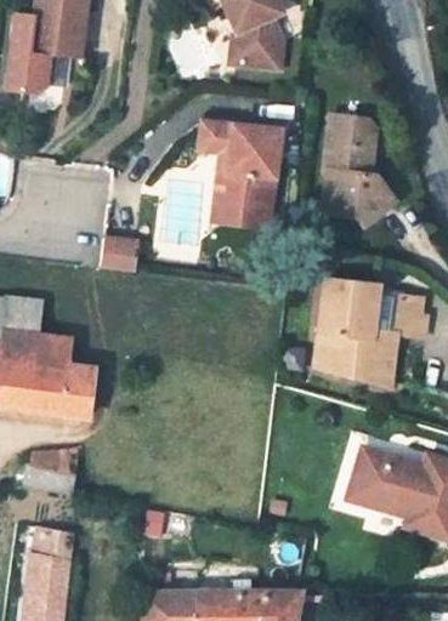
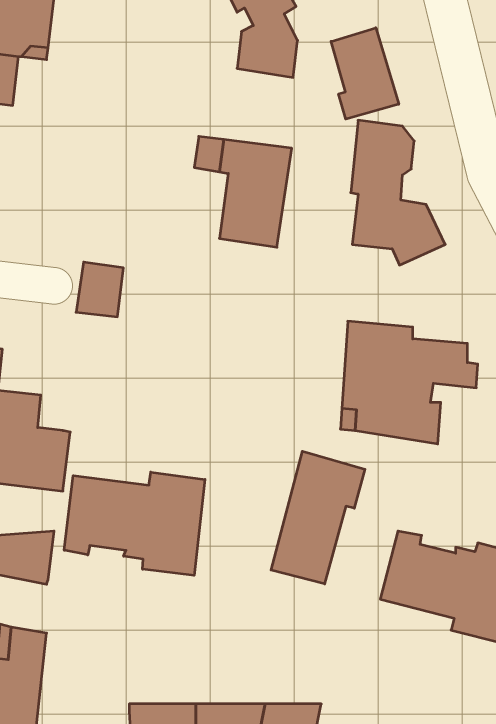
building: none -> [331,28,399,119]
building: [209,153,266,232] -> none
building: none -> [271,451,365,584]
building: none -> [64,472,205,575]

